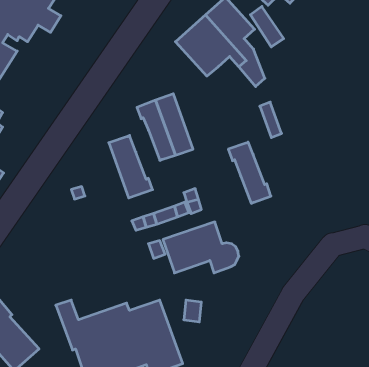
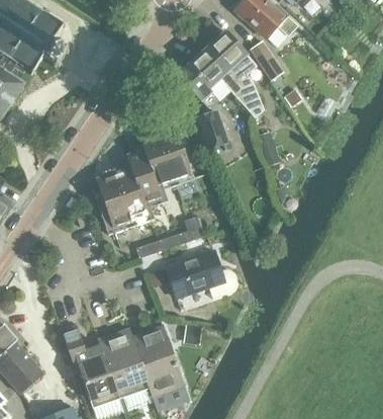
building: none -> [198,110,227,149]
building: [228,142,271,203] -> [126,148,168,207]
building: none -> [90,172,131,234]

